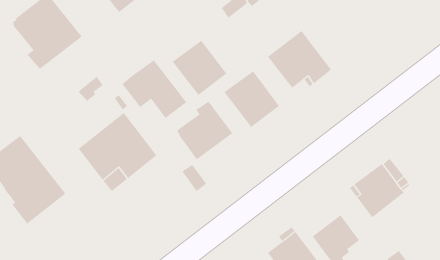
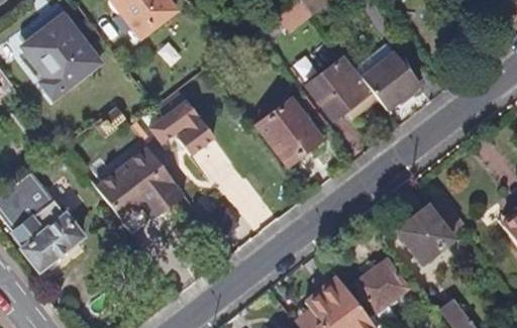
building: none -> [354,43,419,110]
building: [172,40,227,96] -> none
building: [177,101,233,160] -> none

